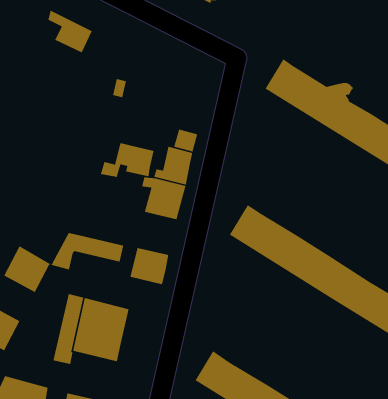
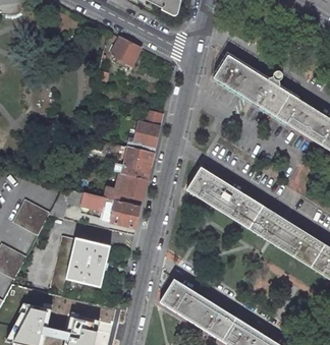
building: [48,10,93,53] -> [106,31,141,64]
building: [100,143,154,178] -> [105,172,147,199]

